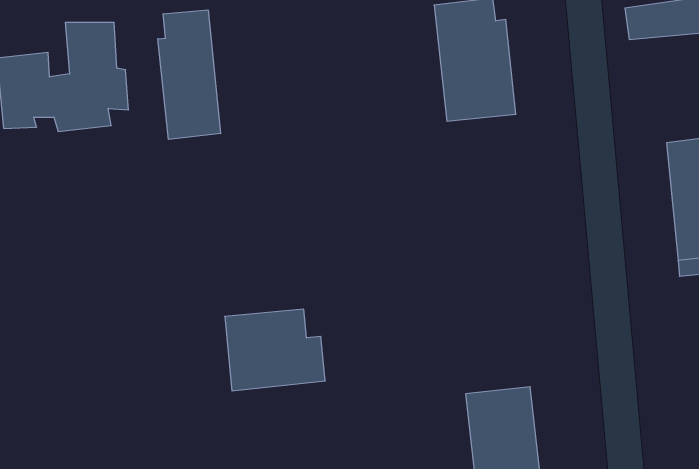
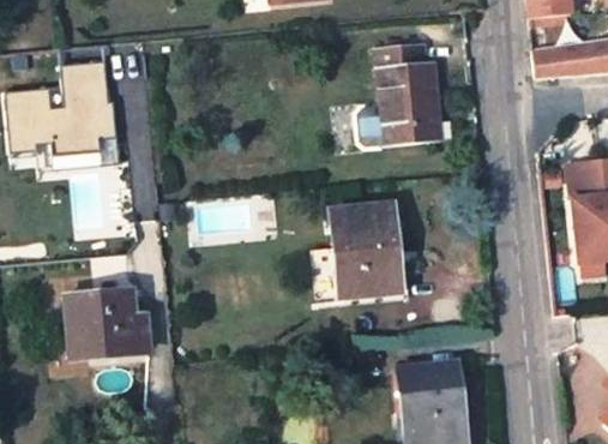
building: [158,10,221,139] -> none
building: none -> [331,204,414,295]
building: [225,309,325,391] -> [65,290,149,359]

